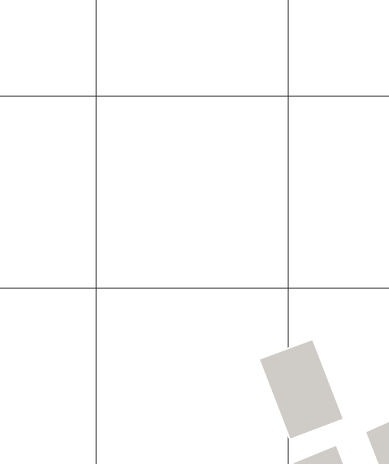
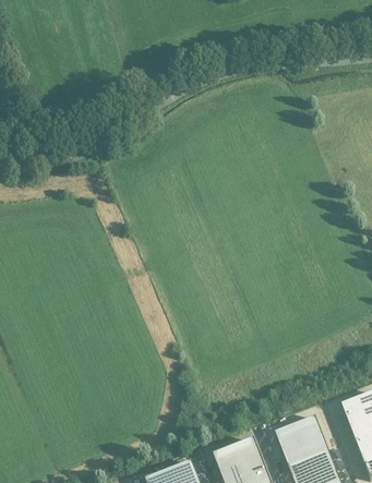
building: [259,339,344,439] -> none

